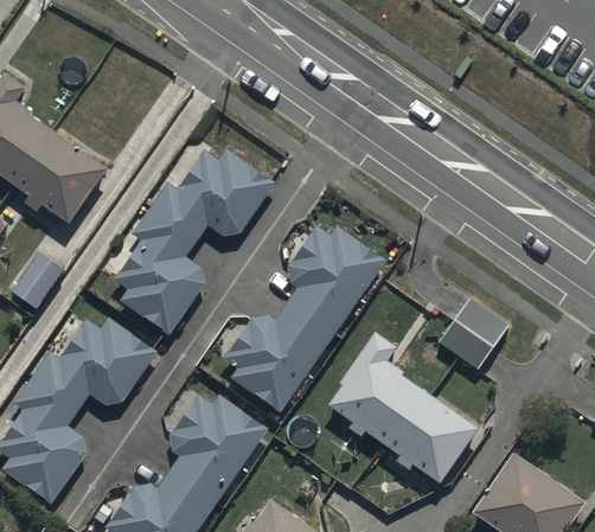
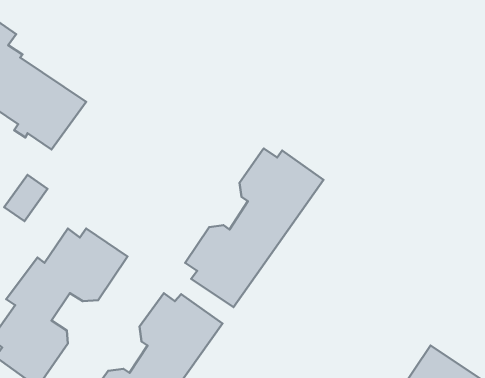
building: [115,148,274,334] -> none
building: [439,296,507,366] -> none
building: [330,333,478,485] -> none

